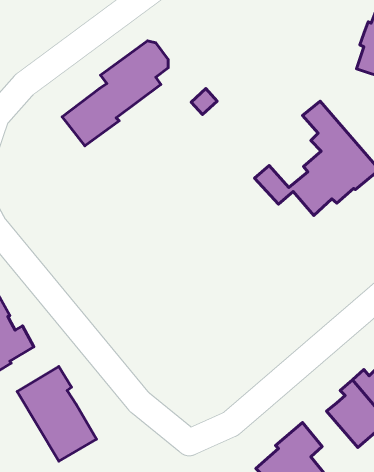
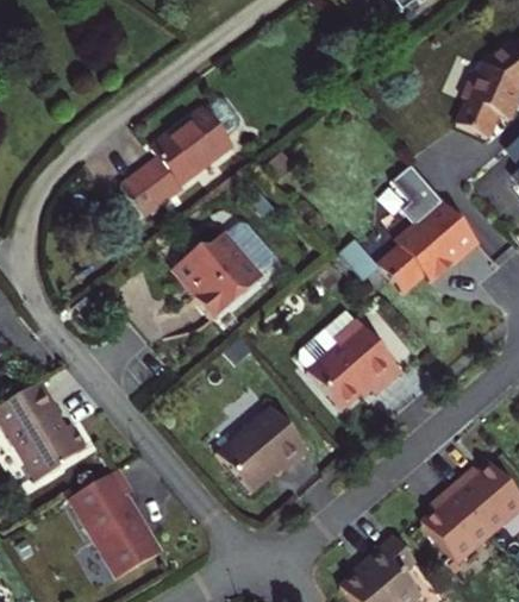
building: none -> [173,225,273,319]
building: none -> [301,308,406,413]
building: none -> [217,405,309,493]

